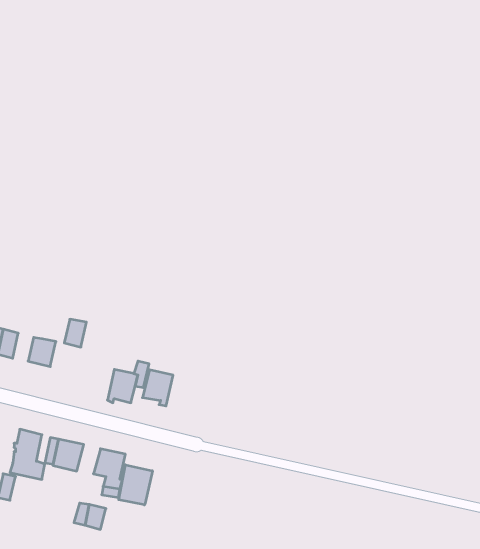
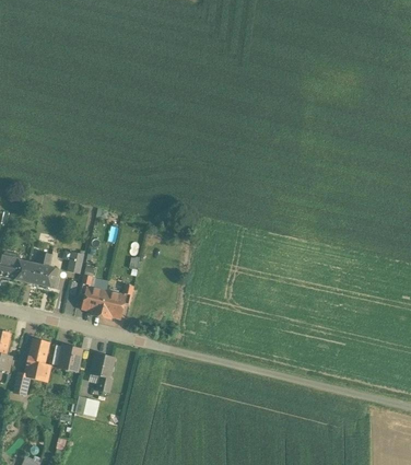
building: none -> [26,252,51,284]
building: [142,370,173,406] -> [82,287,106,315]
building: [119,465,152,505] -> none

